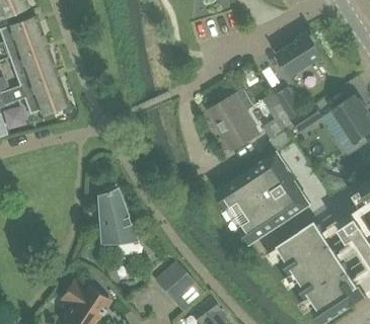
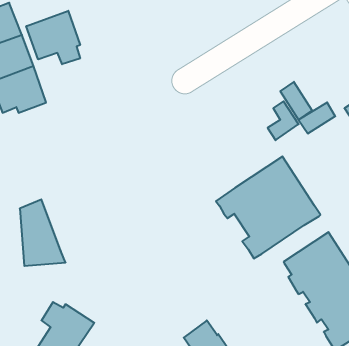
building: none -> [26,11,80,64]
building: [276,32,325,78] -> none
building: [210,90,258,150] -> none
building: [97,186,138,245] -> [20,199,66,266]
building: [156,263,195,302] -> none

